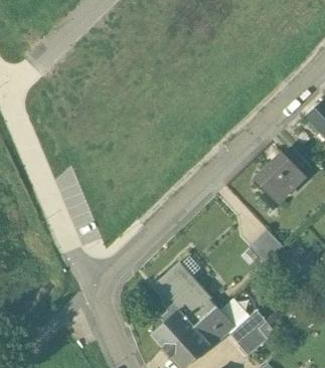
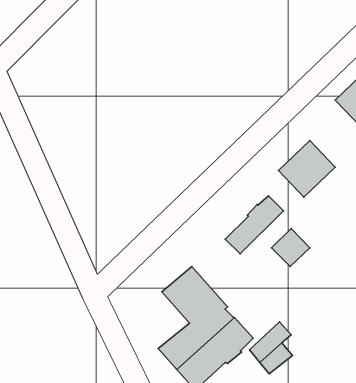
building: none -> [225,196,284,254]

